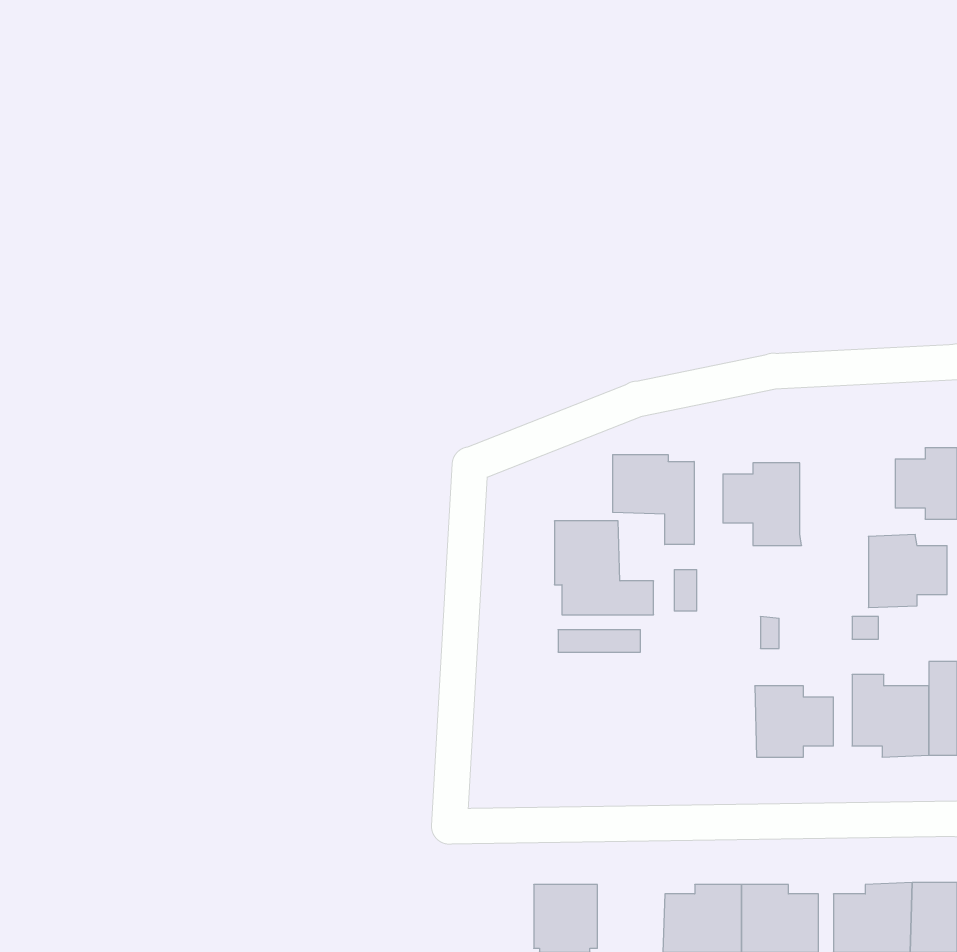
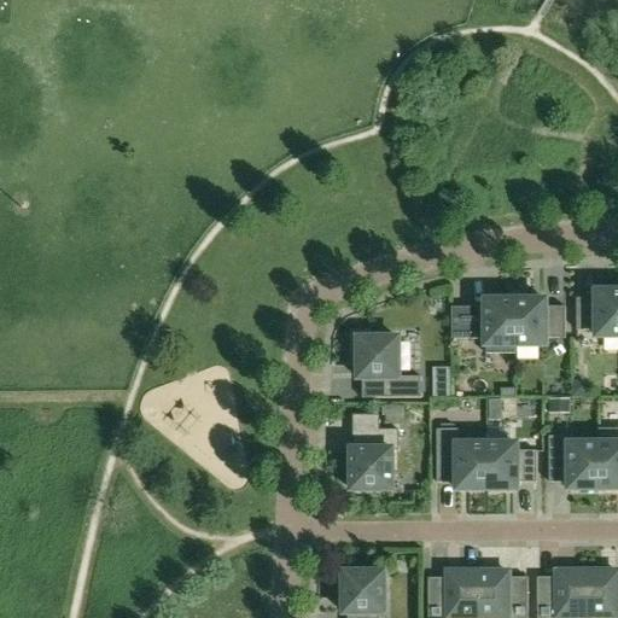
building: [613,455,694,545] -> none
building: [868,535,947,608] -> [515,297,566,344]
building: none -> [351,427,400,488]
building: none -> [437,427,488,488]

